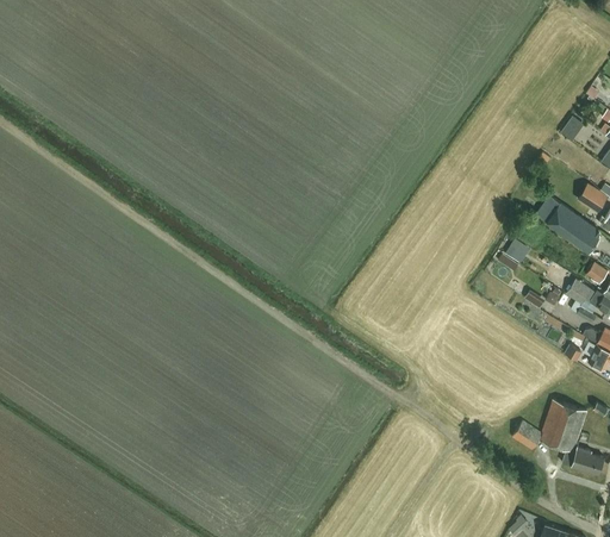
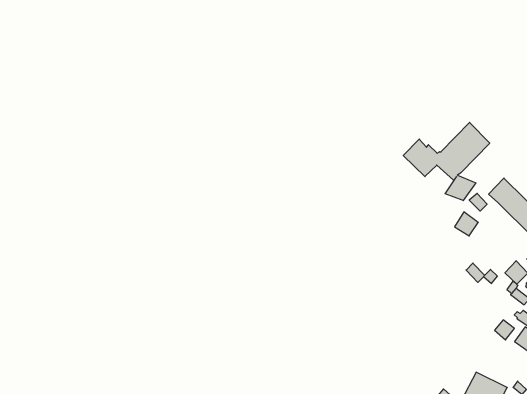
building: none -> [403,122,490,201]

